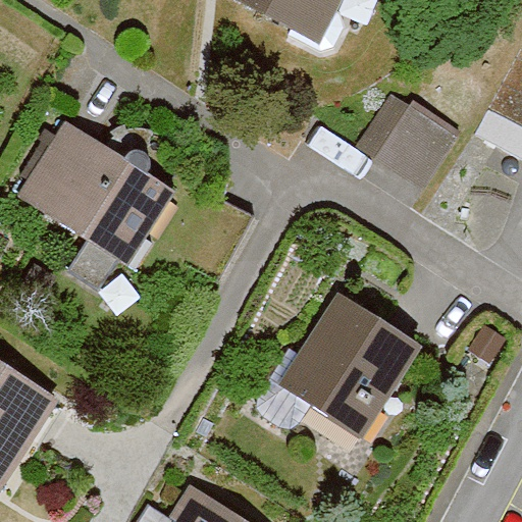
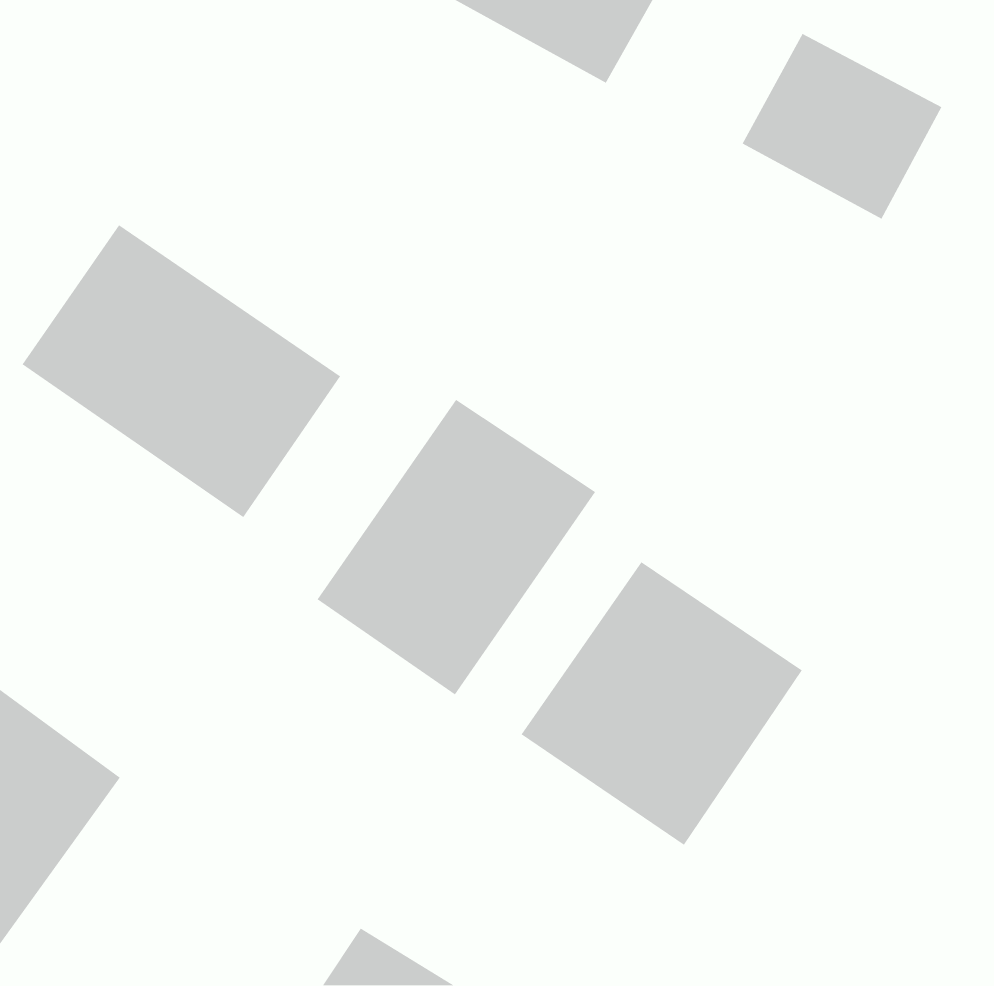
building: [359,85,464,182] -> [742,33,942,220]
building: none -> [316,399,596,696]

